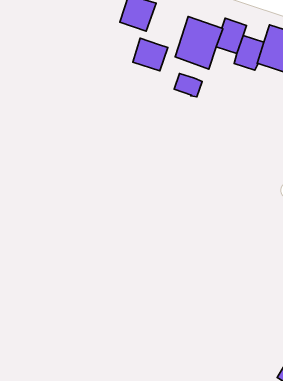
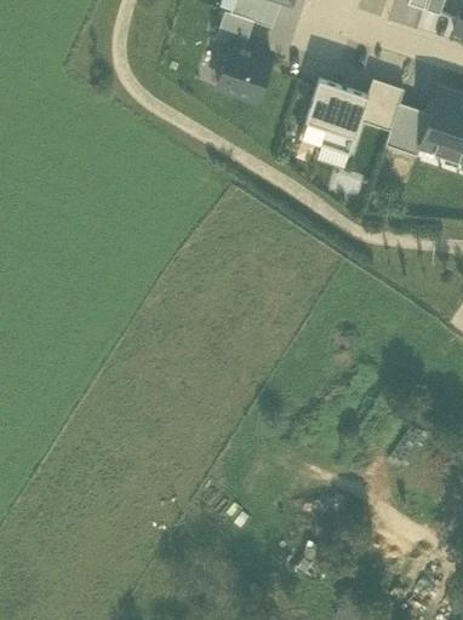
building: [133,38,168,71] -> none
building: [174,74,202,97] -> none

